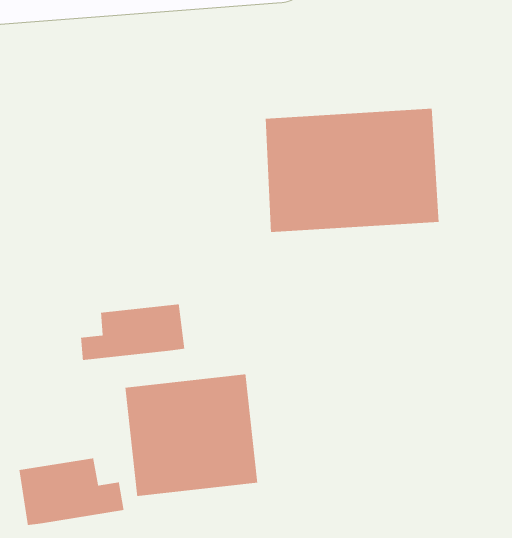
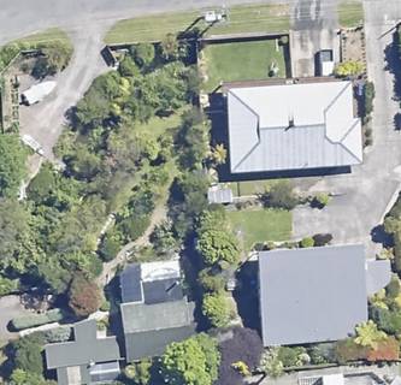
building: [80,303,185,361] -> none
building: none -> [253,242,378,334]

